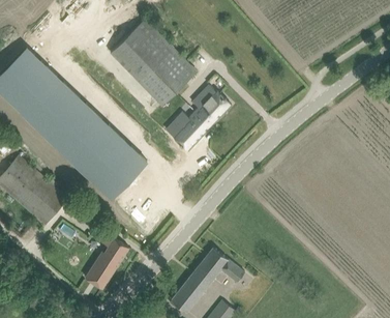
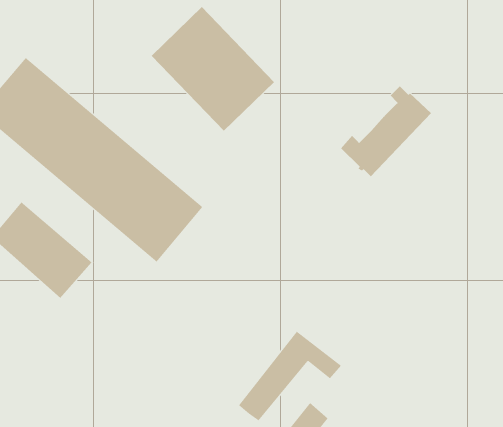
building: [167,85,232,150] -> [340,85,432,177]
building: [85,234,129,288] -> none

